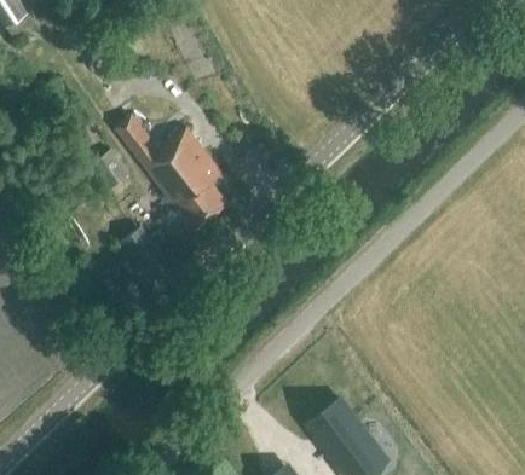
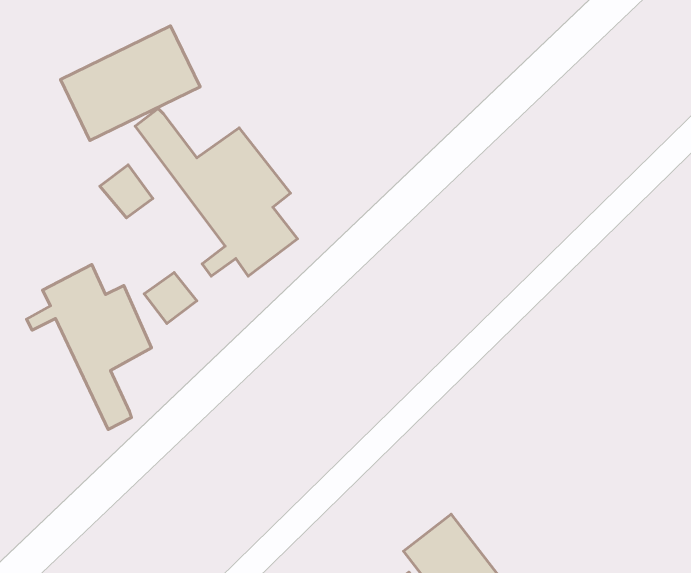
building: none -> [60,26,200,140]
building: none -> [27,264,152,429]

